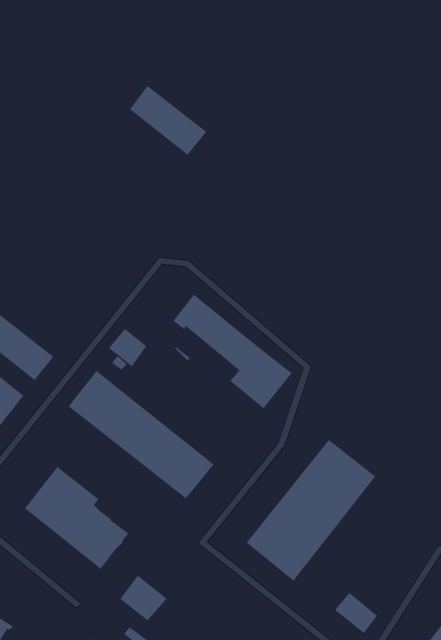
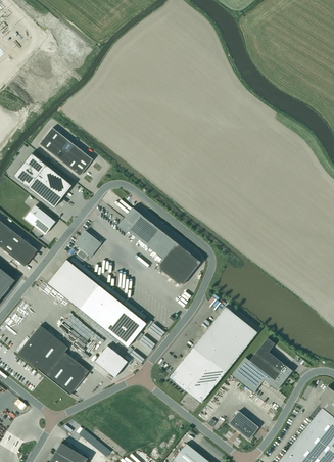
building: [129,85,207,156] -> [40,128,93,176]
building: none -> [14,154,71,209]
building: none -> [26,206,55,234]
building: none -> [232,338,292,392]
building: [119,575,167,621] -> [95,345,128,377]

